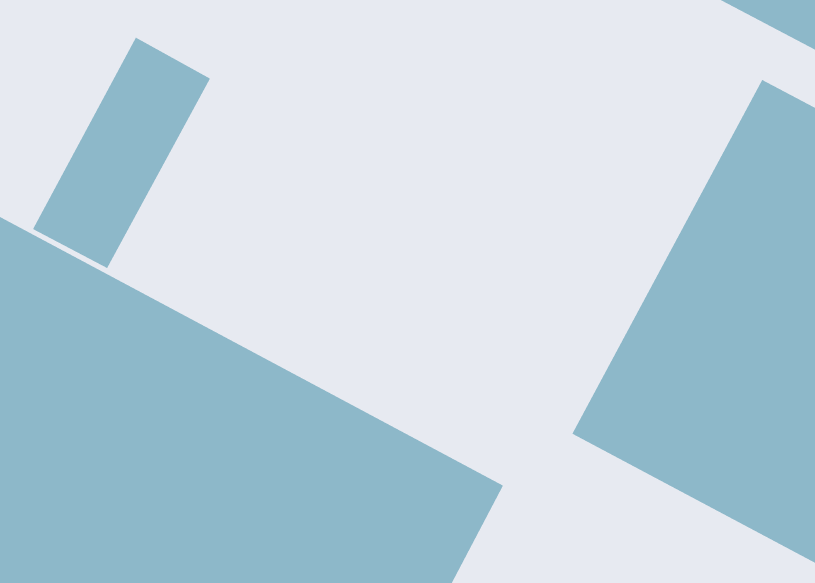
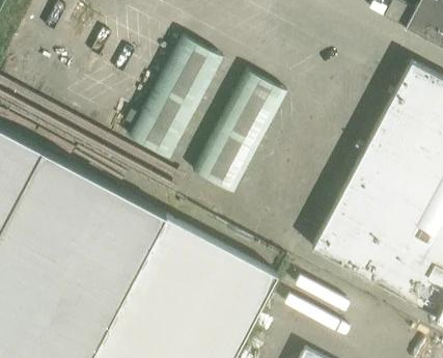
building: [32,37,211,269] -> [129,37,222,159]
building: none -> [192,72,286,194]

